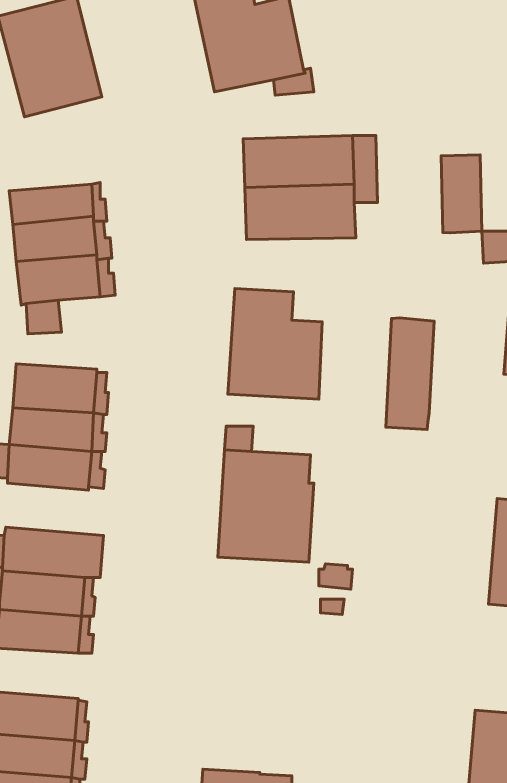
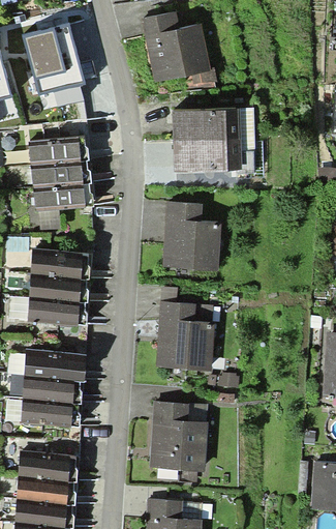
building: [441,155,482,233] -> none
building: [386,318,434,430] -> none
building: none -> [149,401,208,471]

